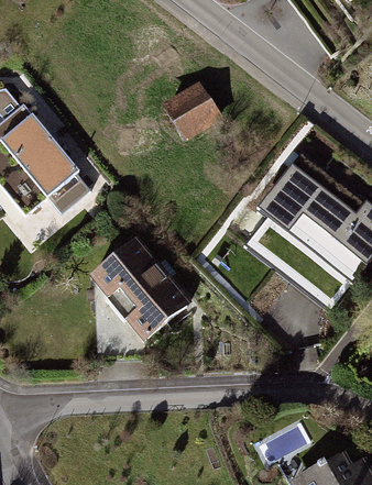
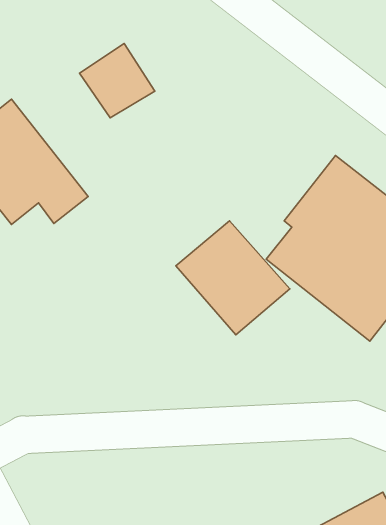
building: [161,82,226,146] -> [79,44,155,118]
building: [90,239,188,337] -> [176,221,290,335]

